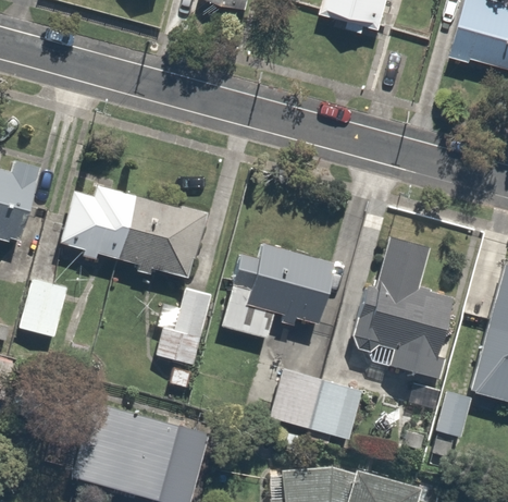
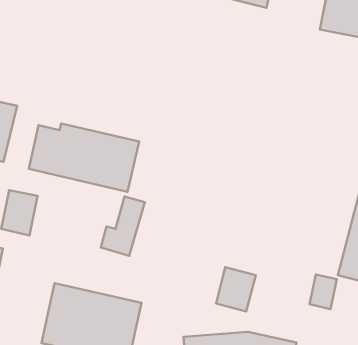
building: [349,236,453,377] -> none
building: [222,242,337,340] -> none
building: [269,369,322,429] -> none

